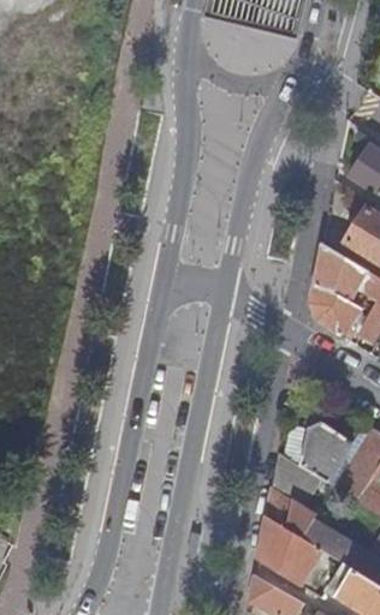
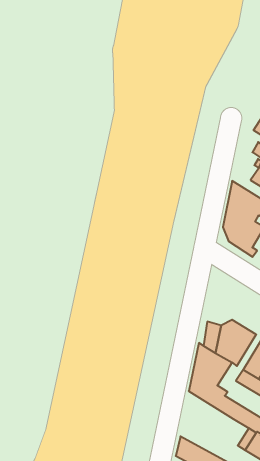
building: [256,515,322,586] -> none

